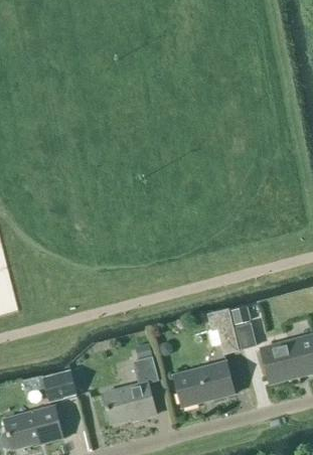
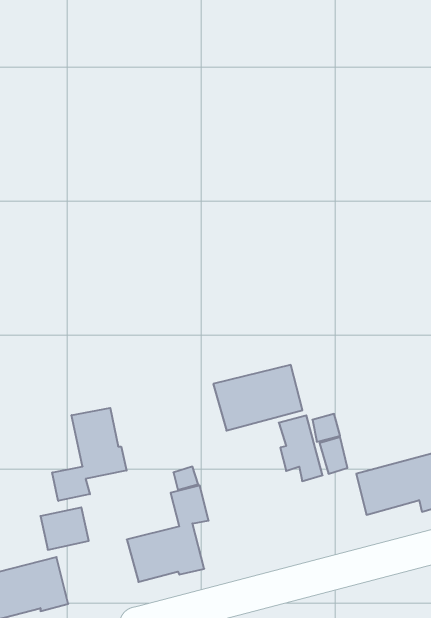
building: none -> [52,408,127,501]
building: [173,361,234,407] -> [213,365,302,431]

